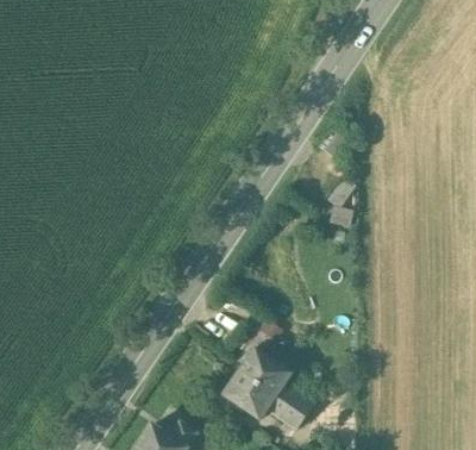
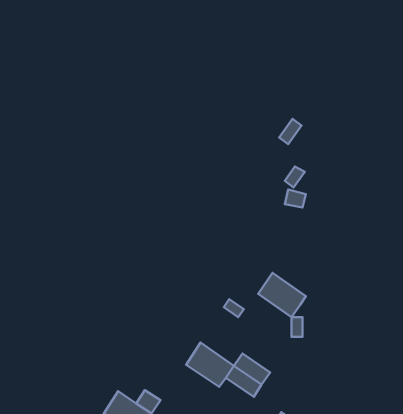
building: [239,348,290,395] -> [258,273,306,317]

